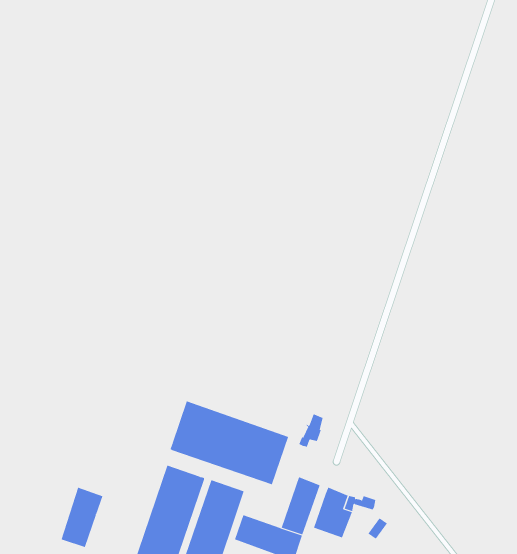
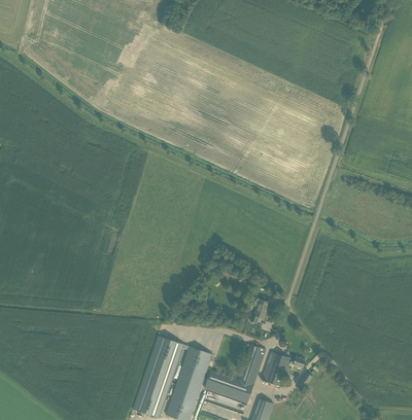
building: [170,401,289,485] -> none
building: [61,487,103,548] -> none

